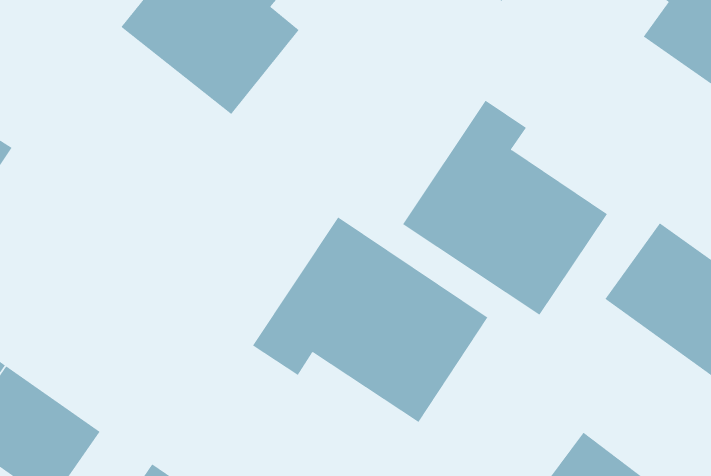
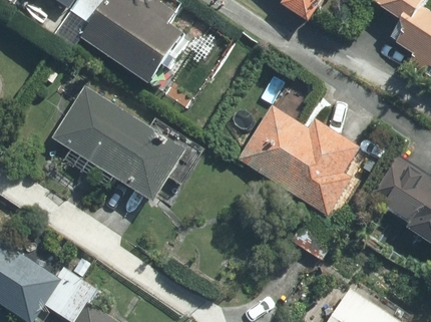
building: none -> [49,86,188,209]
building: [252,216,488,423] -> none

